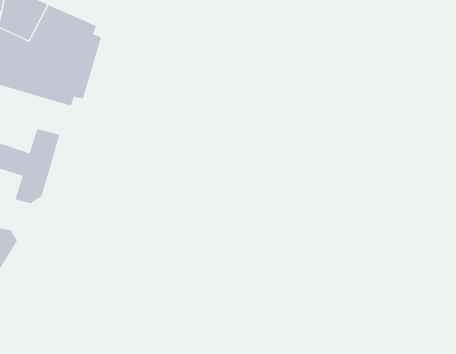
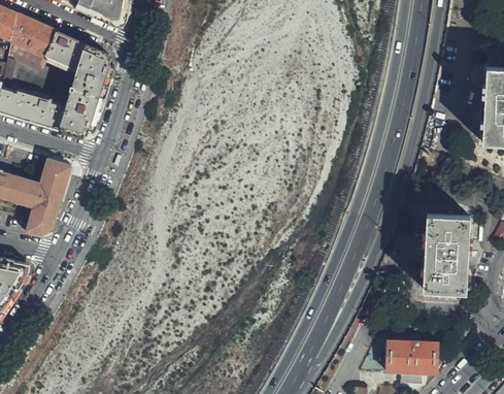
building: none -> [423,215,468,292]
building: none -> [384,341,437,373]

